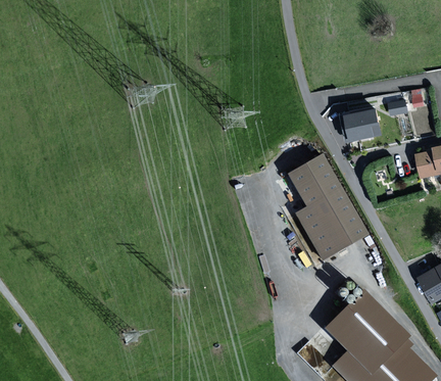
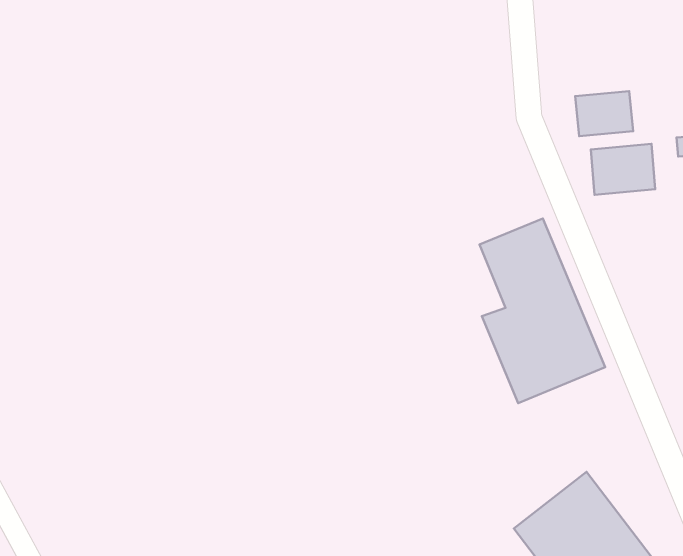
building: none -> [575,91,633,136]

